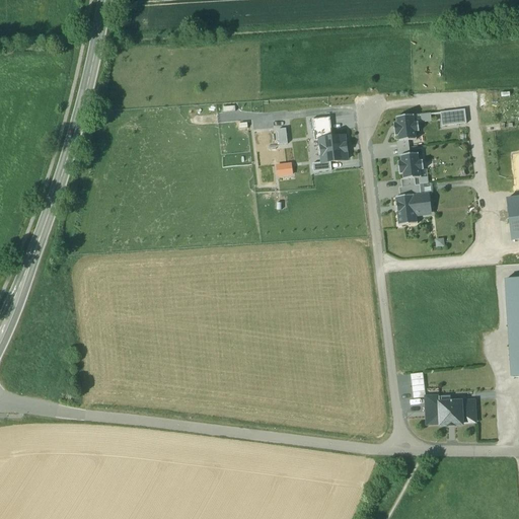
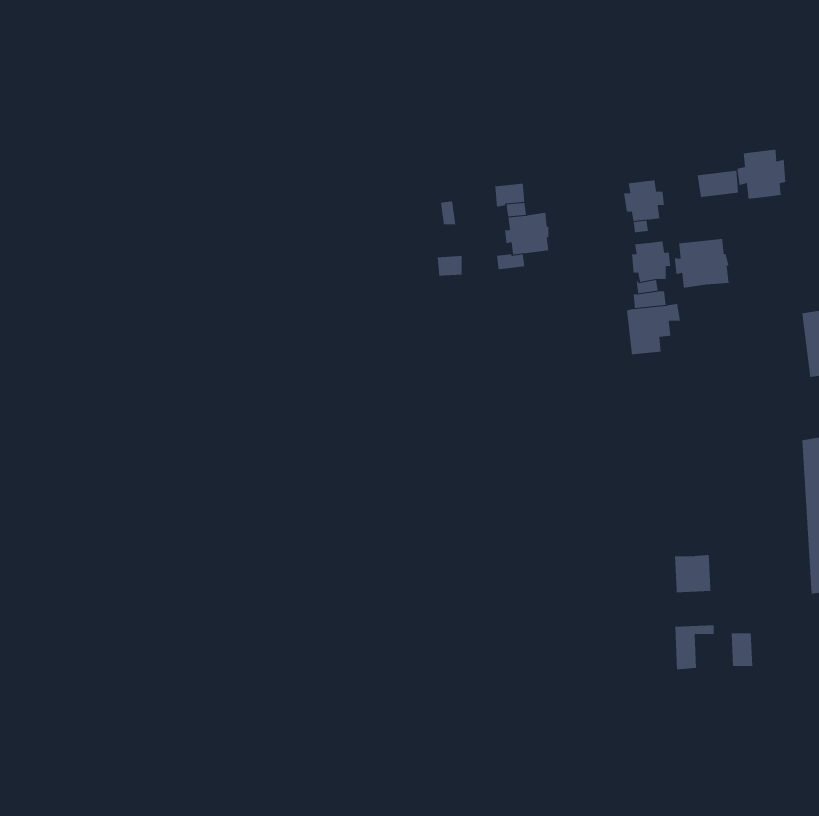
building: none -> [737,149,786,199]
building: none -> [674,238,729,289]
building: [440,399,463,424] -> [674,554,711,593]

